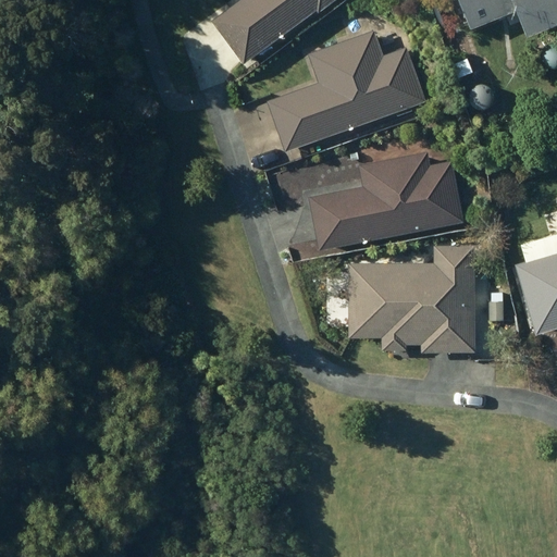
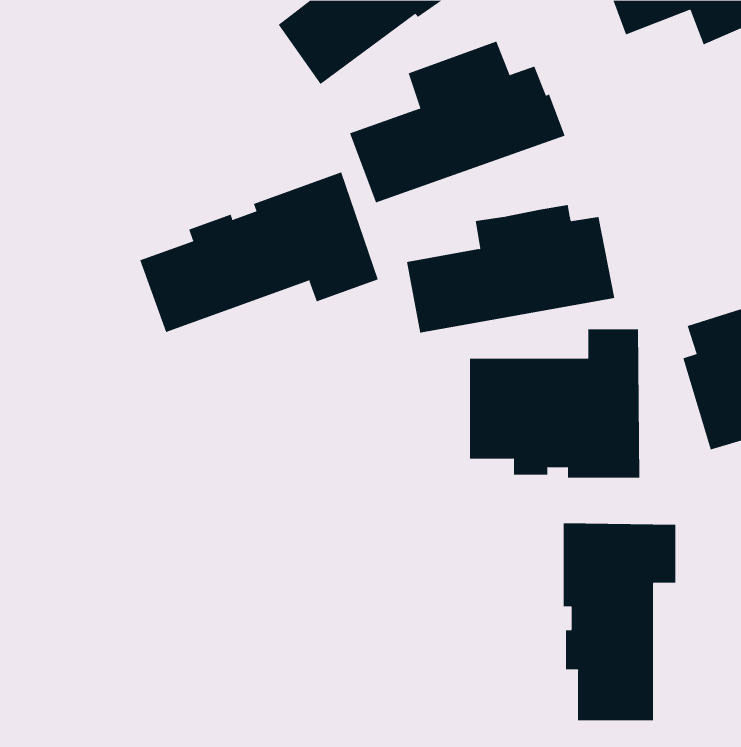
building: none -> [140,172,378,333]
building: none -> [563,522,676,721]

